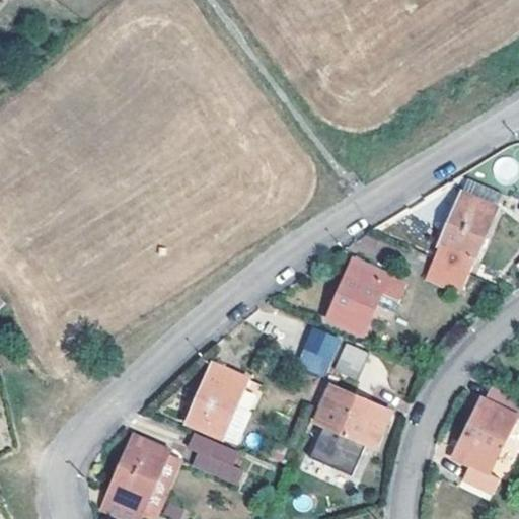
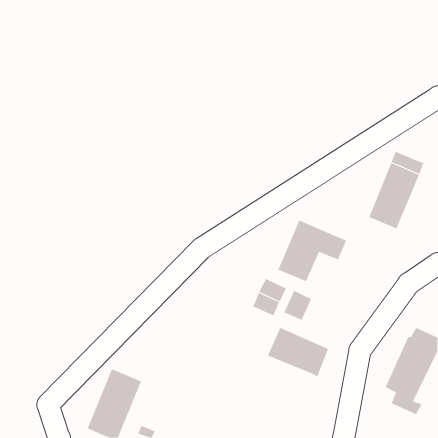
building: [426,256,468,288] -> none
building: [187,363,246,437] -> none
building: [311,424,367,473] -> none
building: [184,434,248,485] -> none

